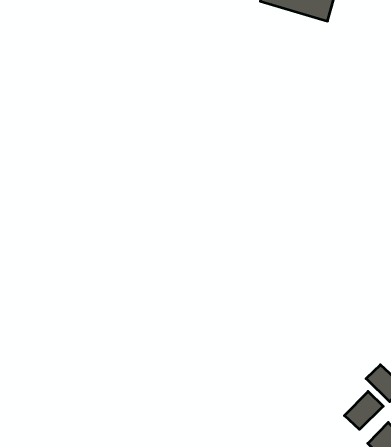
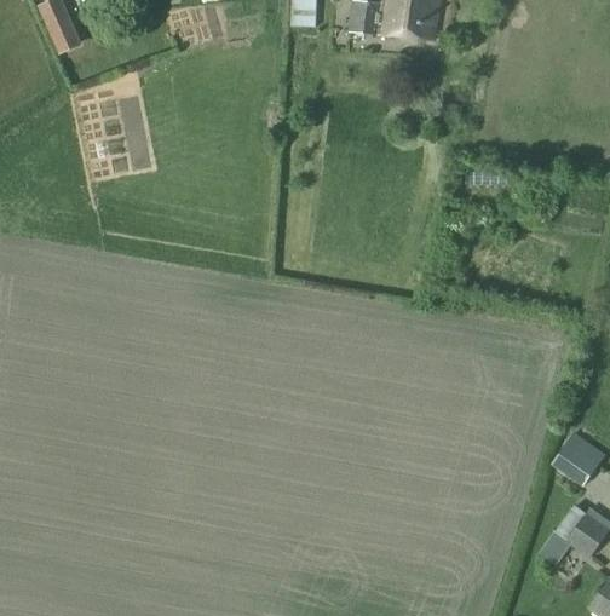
building: [344,391,383,429] -> none

